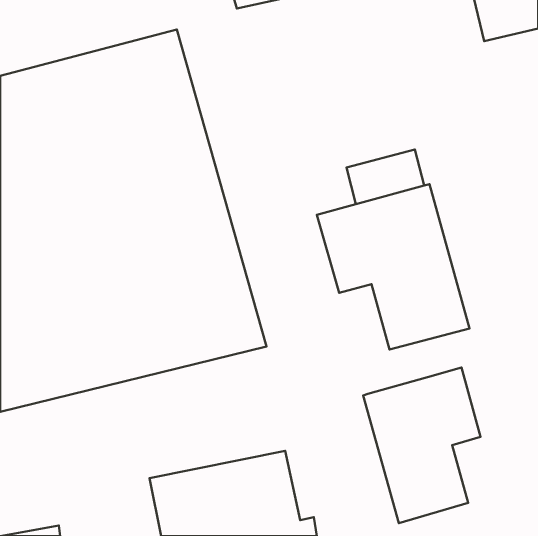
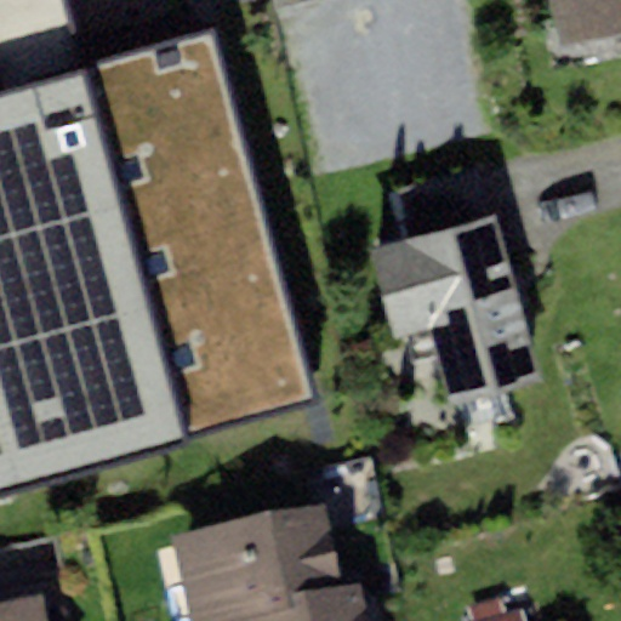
building: [363,368,480,523] -> none

